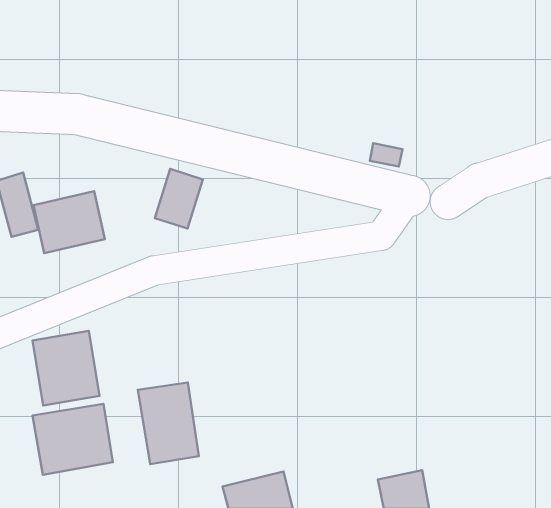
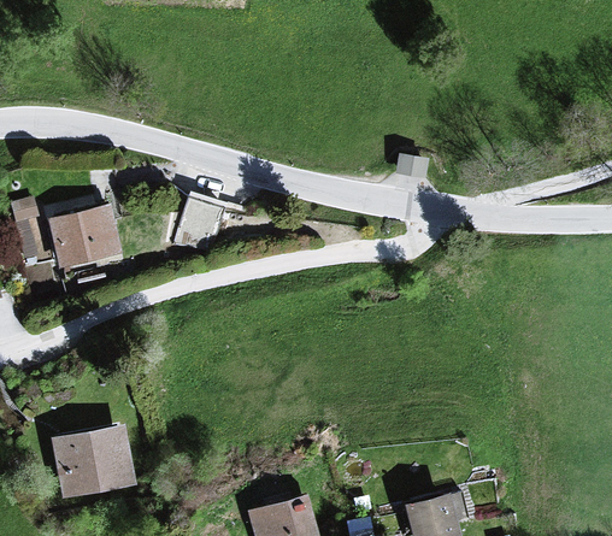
building: [33,331,100,405] -> none
building: [138,382,199,464] -> none

